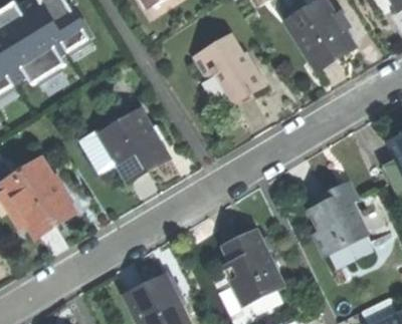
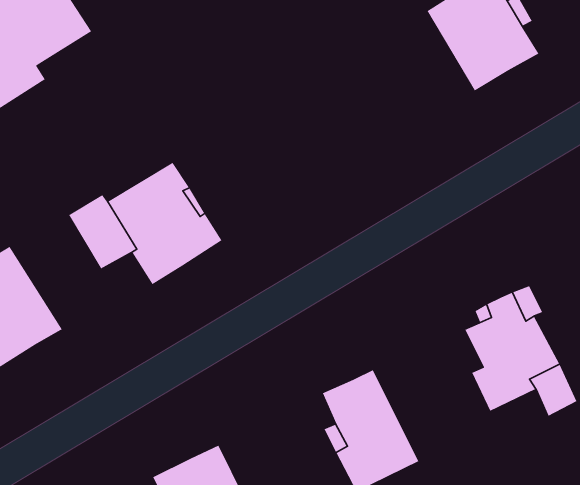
building: [193,33,265,100] -> none

